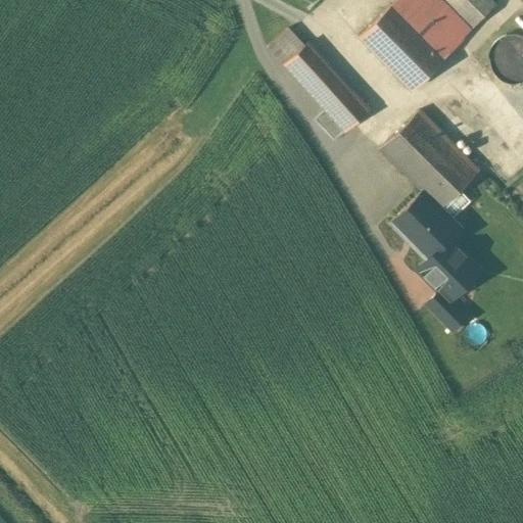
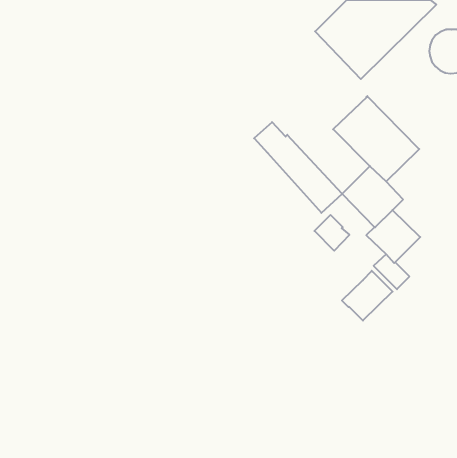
building: [270,29,370,132] -> [254,122,342,213]
building: none -> [314,215,349,251]
building: none -> [342,271,393,321]

